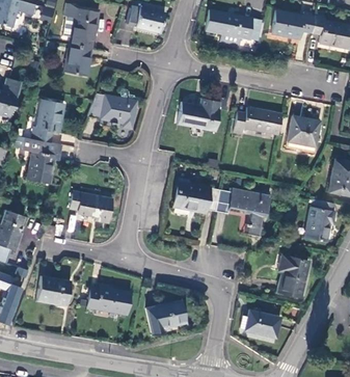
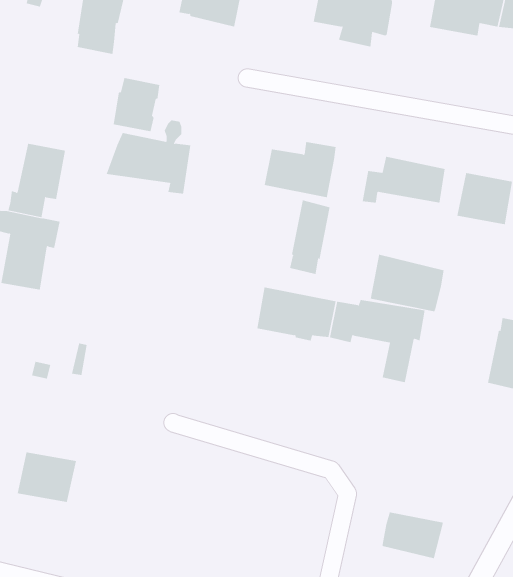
building: [64,45,91,76] -> [113,77,160,132]
building: none -> [289,199,330,275]
building: none -> [370,254,444,312]
building: [70,191,112,222] -> none
building: [277,255,308,296] -> none
building: [87,287,131,315] -> none
building: [145,299,186,335] -> none

